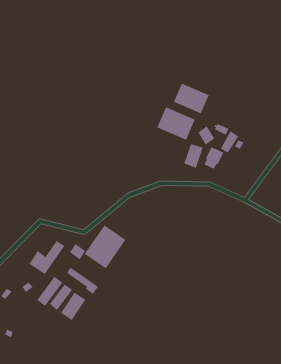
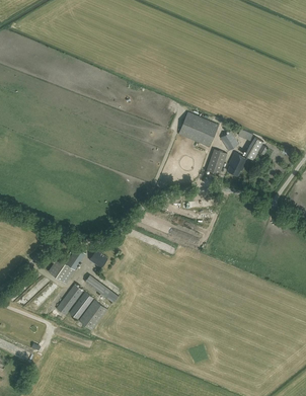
building: [173,83,209,114] -> none
building: [84,224,126,269] -> none

